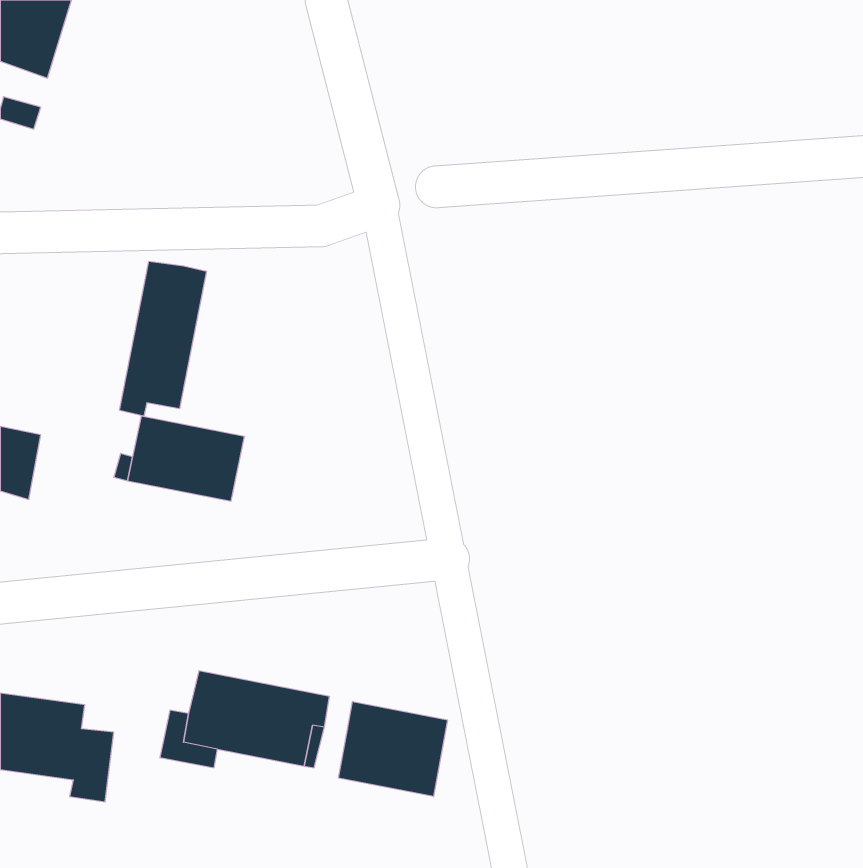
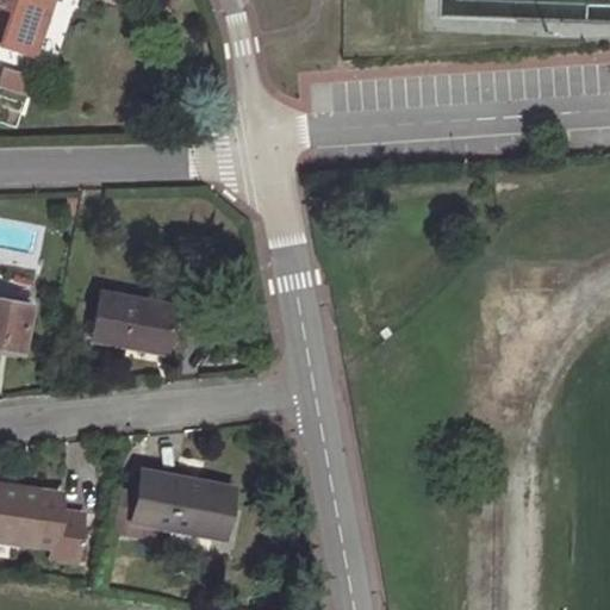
building: [120,261,206,416] -> none
building: [339,701,448,797] -> none

